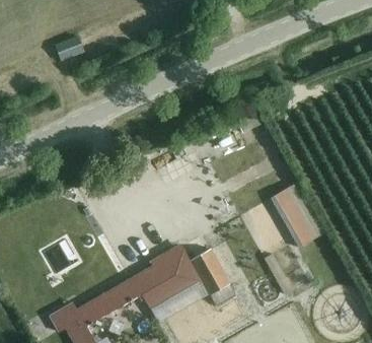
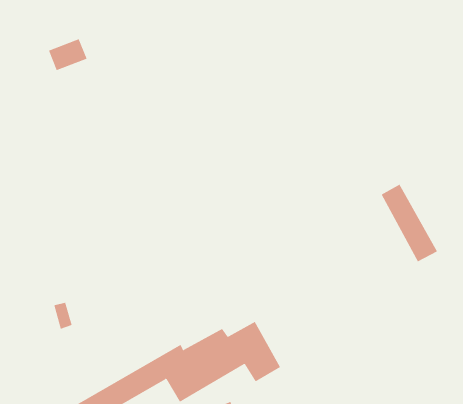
building: [269,179,311,237] -> [381,184,438,262]

